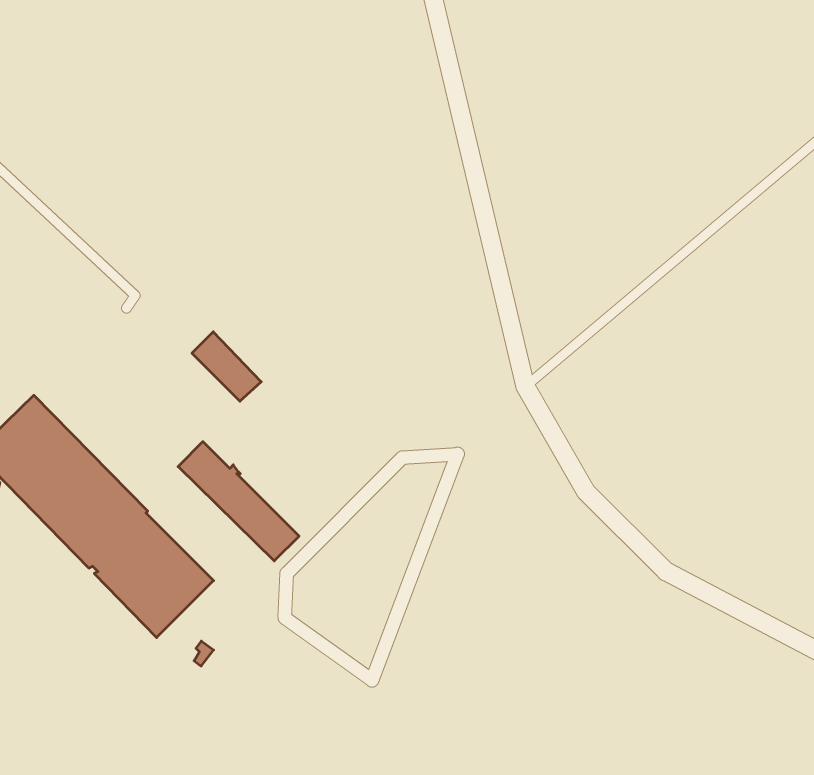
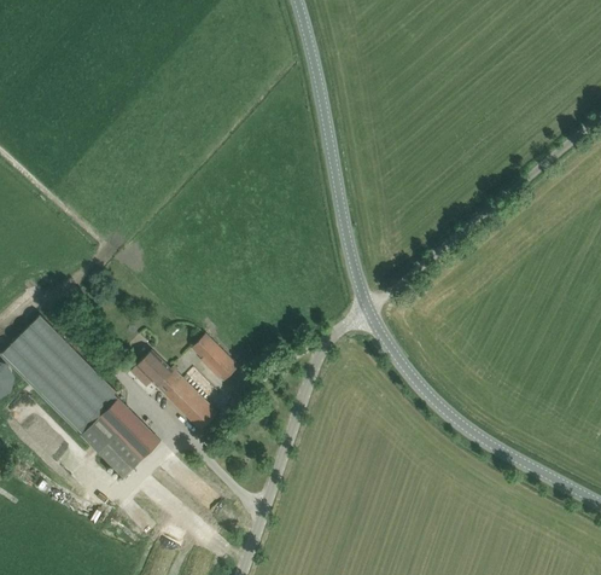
building: [192,332,261,401] -> [191,331,238,378]

